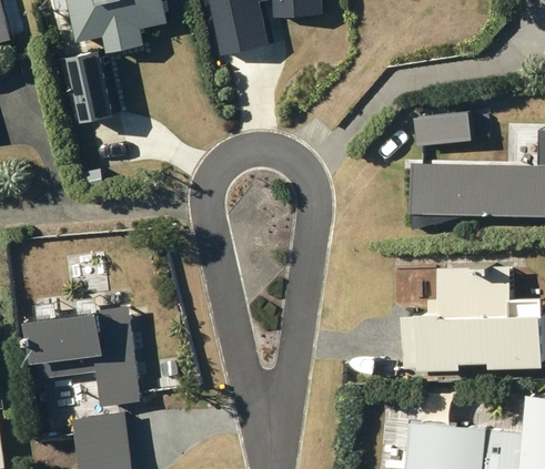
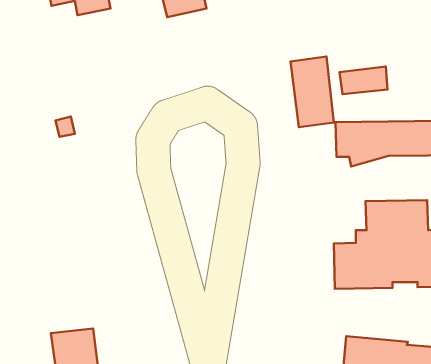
building: [72,48,117,120] -> none
building: none -> [291,56,334,127]
building: [32,298,138,407] -> none

